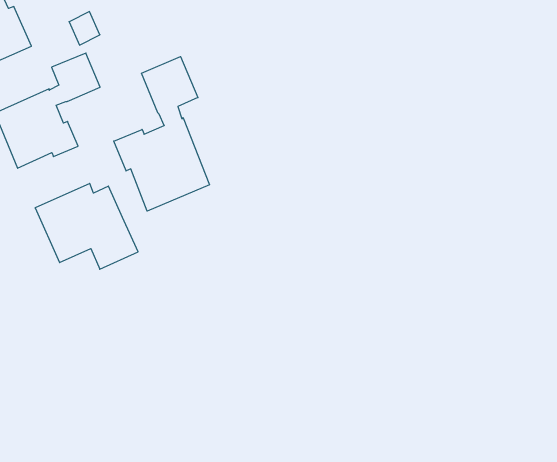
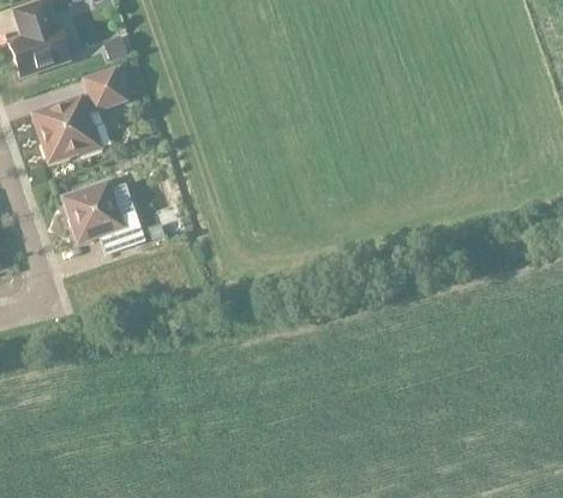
building: [114,57,210,211] -> none

